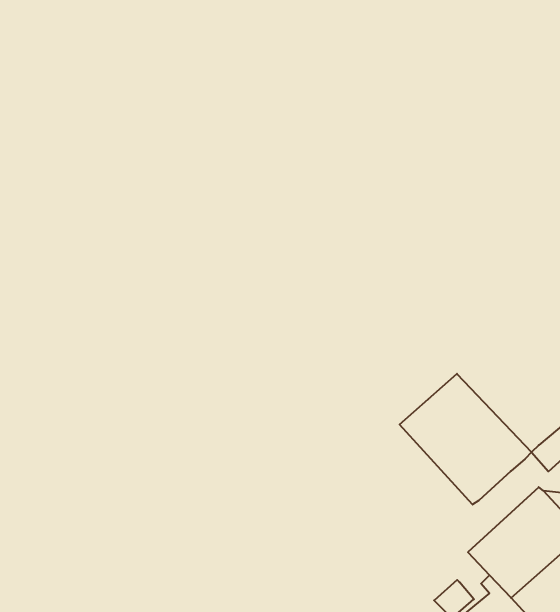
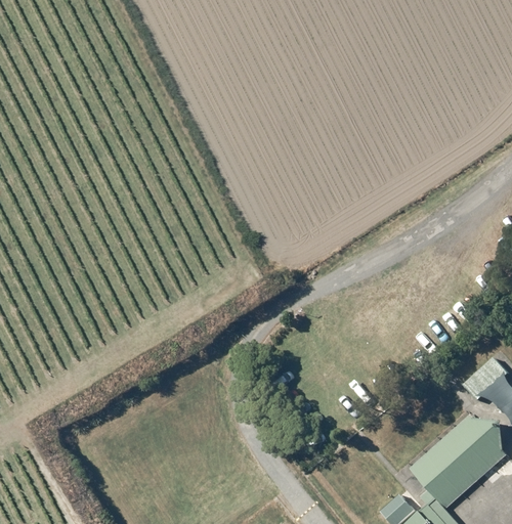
building: [400,374,532,505] -> none

